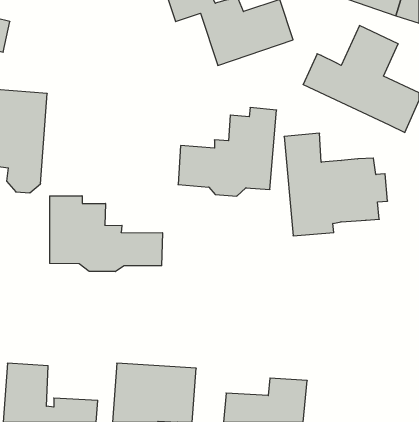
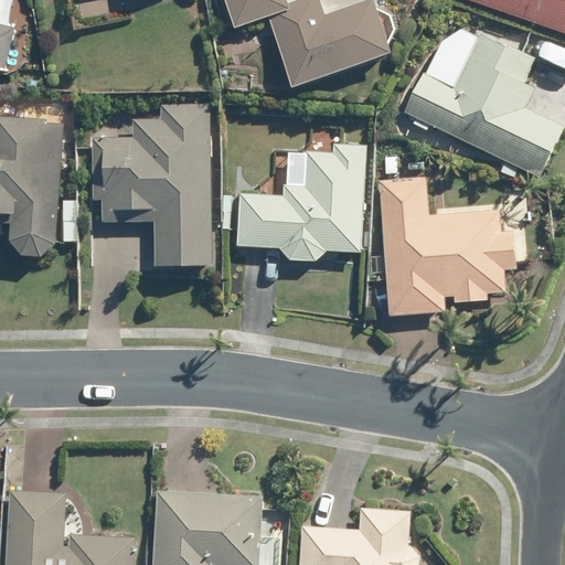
building: none -> [87,104,204,263]
building: [50,196,162,272] -> none

